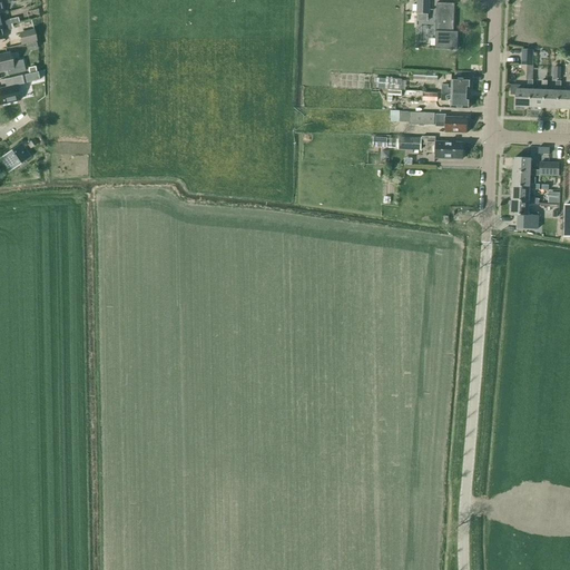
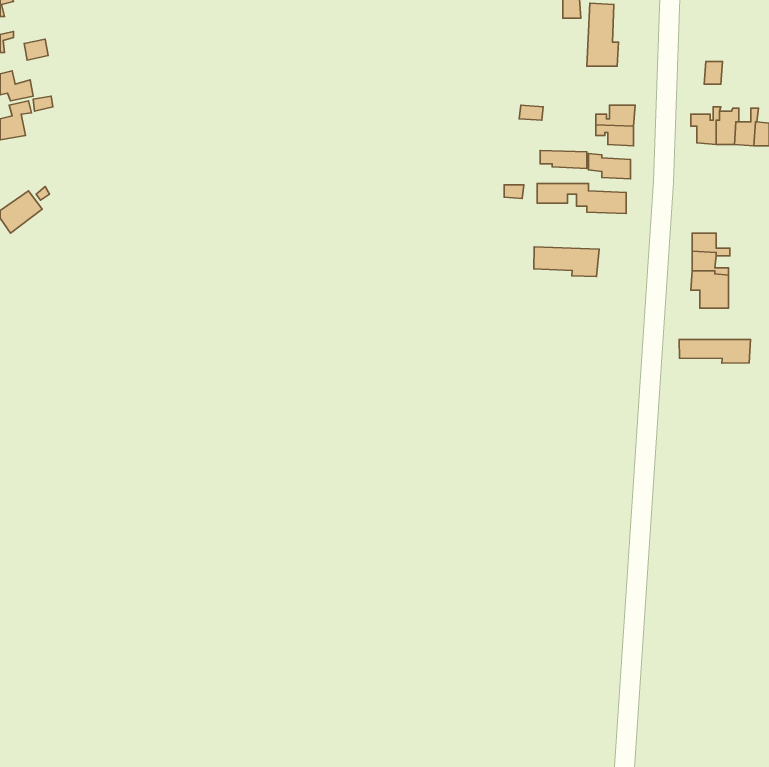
building: [512,158,559,175] -> none
building: none -> [534,247,599,277]
building: none -> [679,340,751,363]

